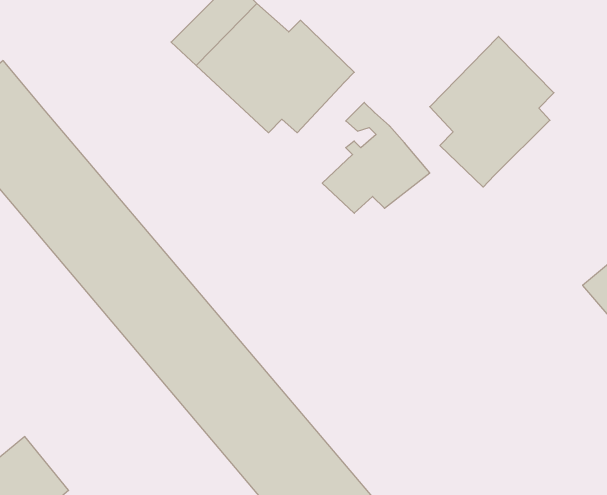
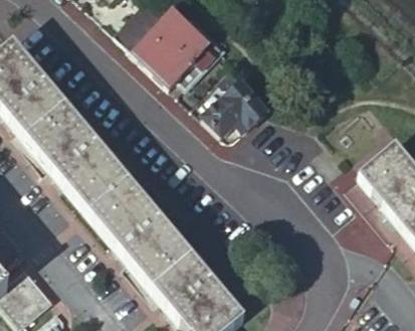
building: [430,36,554,187] -> none

